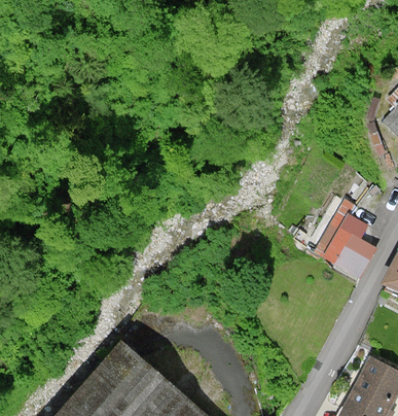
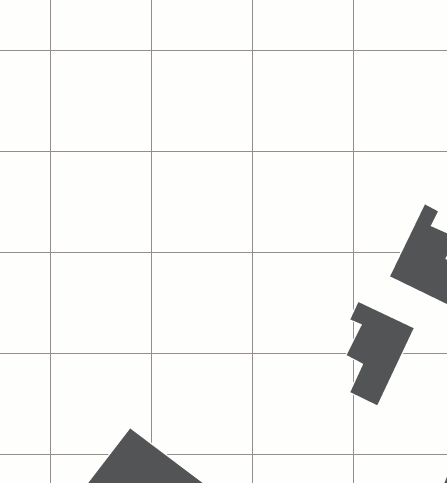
building: none -> [346,301,414,406]

